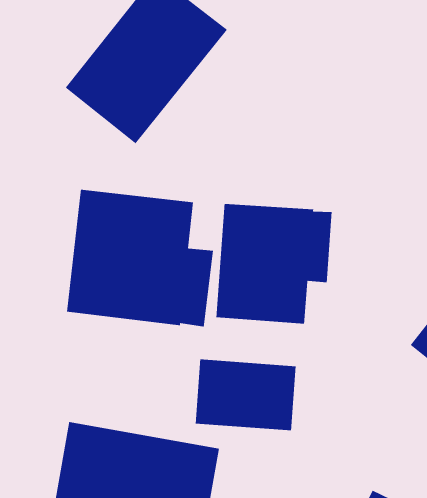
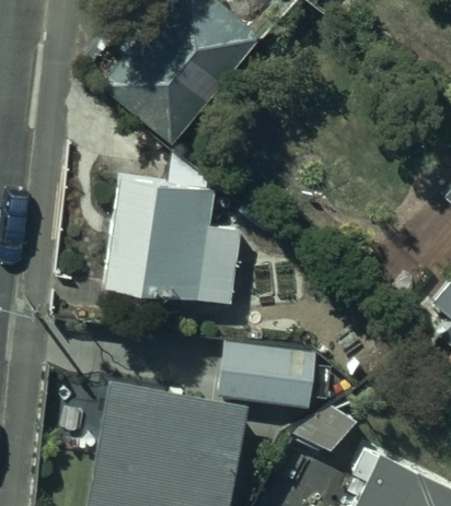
building: [216,203,332,324] -> none

